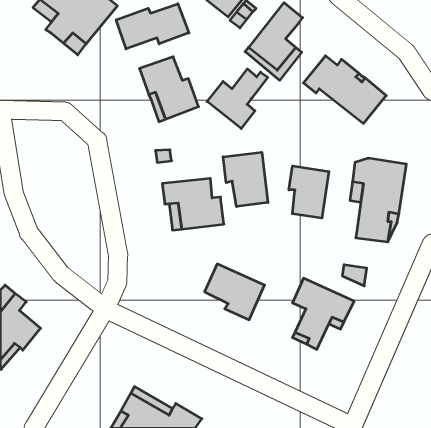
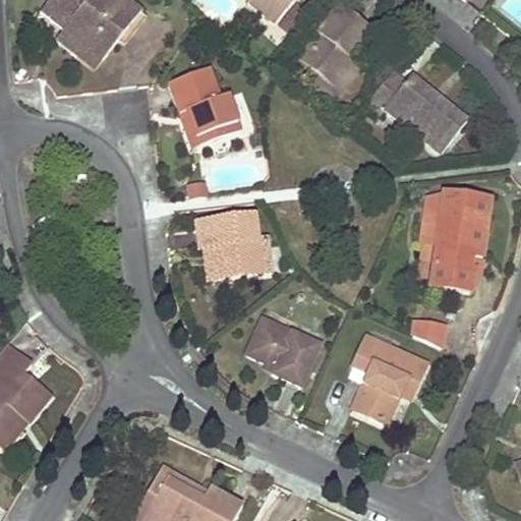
building: [116,4,189,49] -> none
building: [207,69,268,129] -> none
building: [223,152,268,207] -> none
building: [289,166,329,218] -> none

